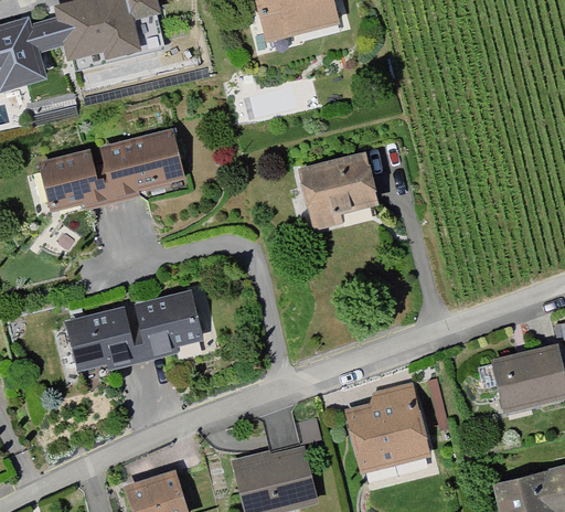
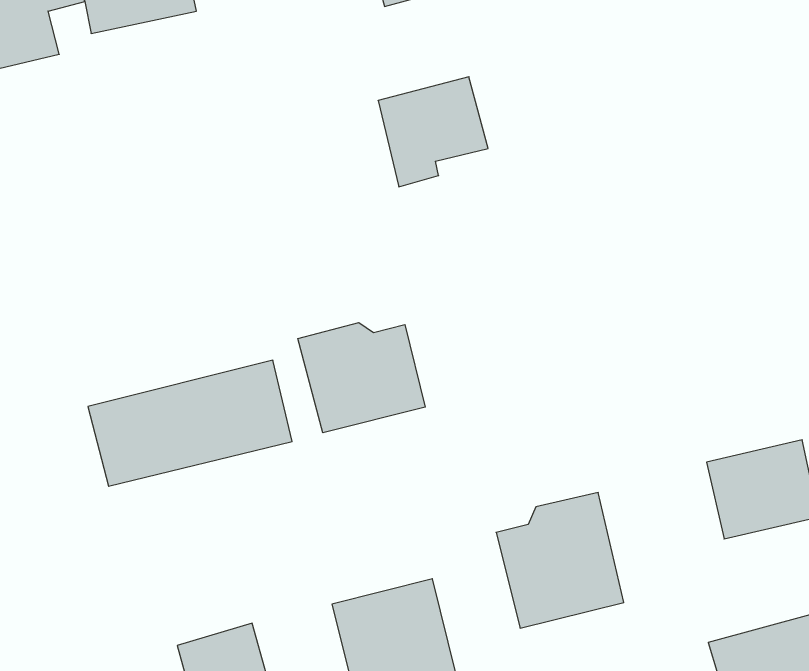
building: [33,126,183,215] -> none
building: [302,156,379,232] -> [378,77,488,187]
building: none -> [298,323,425,433]

